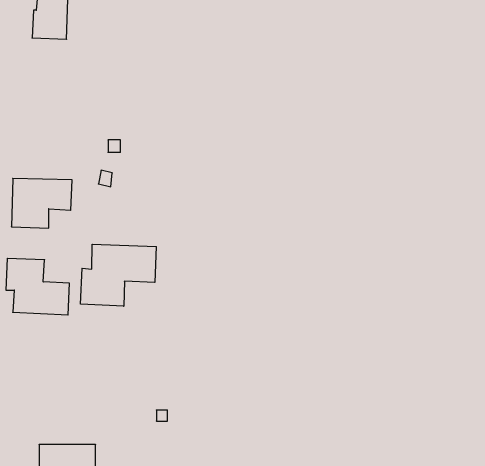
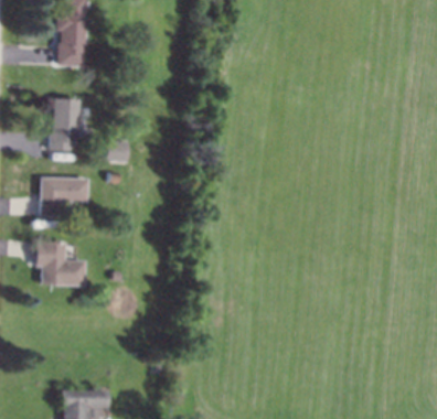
building: none -> [49,98,79,150]
building: [81,244,156,306] -> none

